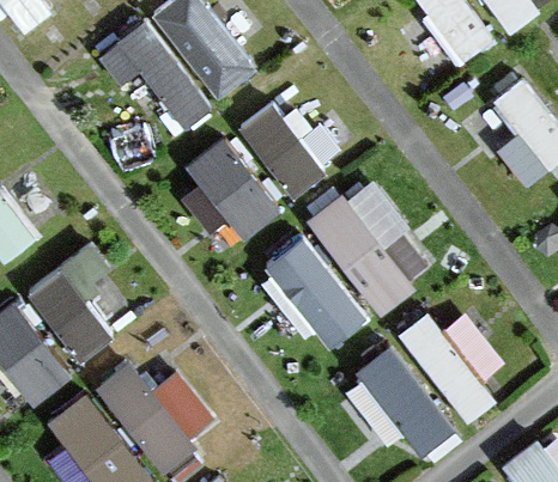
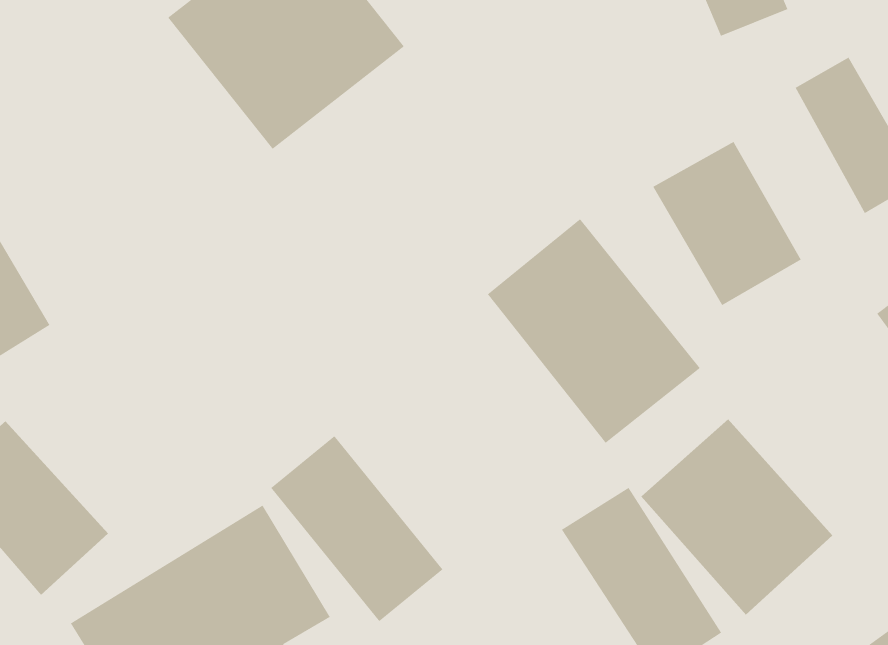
building: [187,104,322,230] -> none
building: none -> [652,141,802,306]
building: [259,233,365,348] -> [270,435,444,622]
building: [20,246,135,362] -> none

